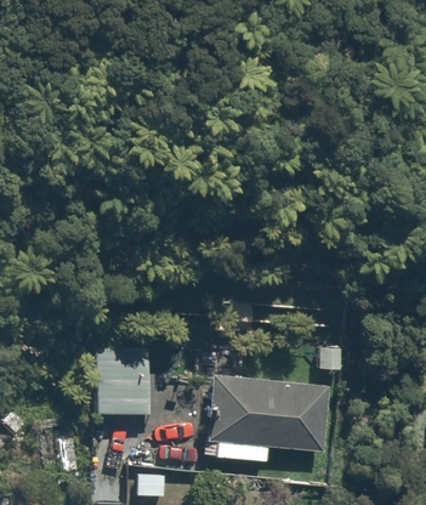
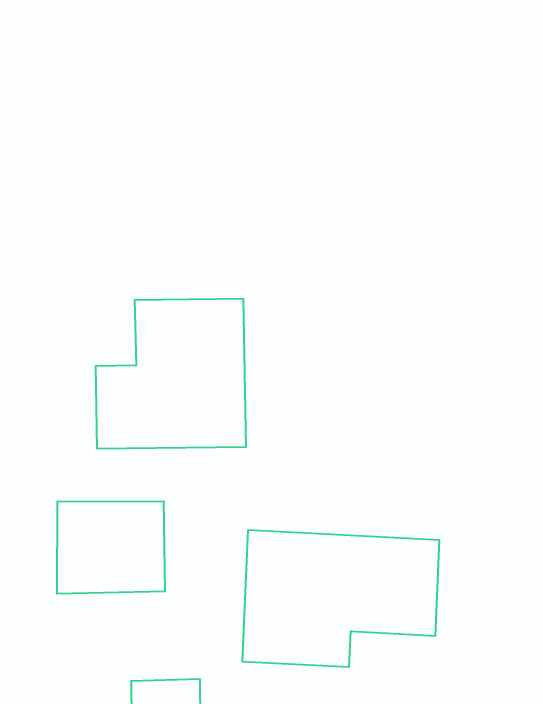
building: none -> [96,299,246,449]

